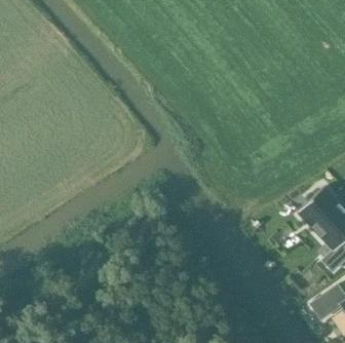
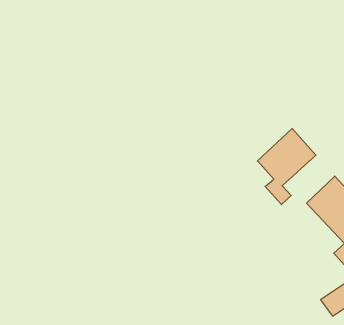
building: none -> [257,129,316,205]

